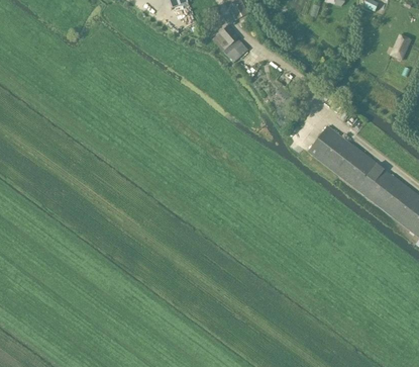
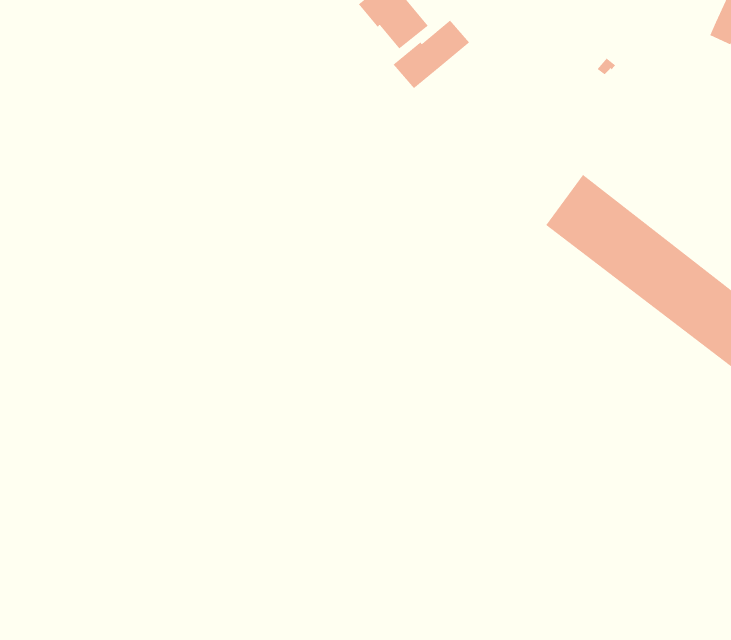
building: none -> [393,20,470,89]

